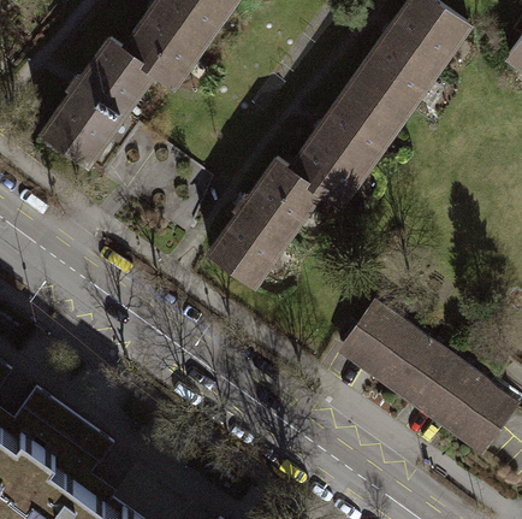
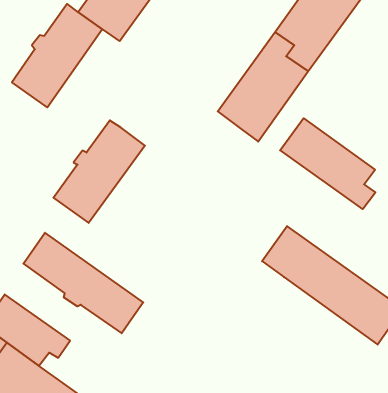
building: [208,164,318,287] -> [53,120,145,223]
building: none -> [280,118,375,209]
building: none -> [23,233,143,333]

